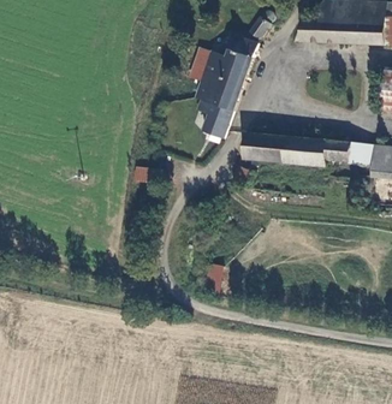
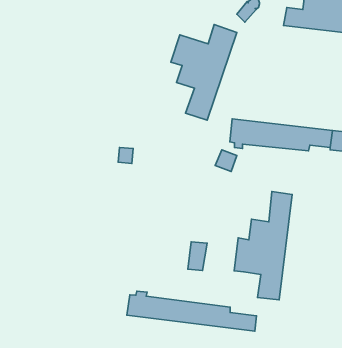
building: none -> [234,191,292,300]
building: none -> [127,291,256,331]

